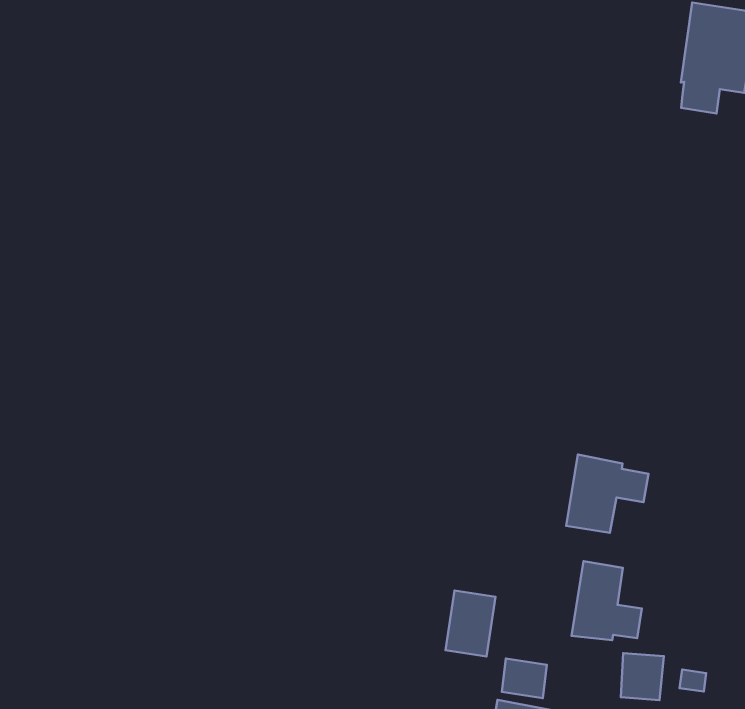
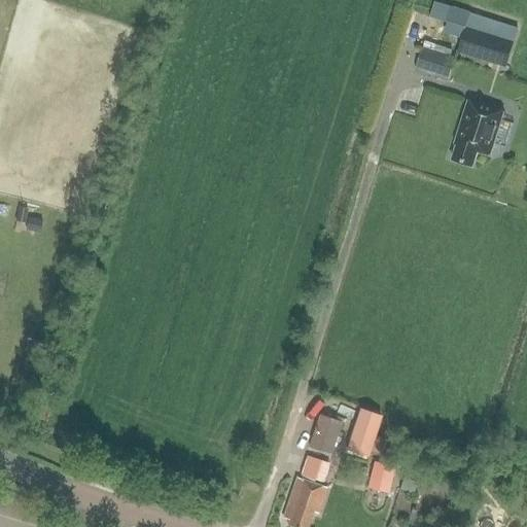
building: [566,454,649,533] -> none
building: [446,590,496,656] -> [309,414,342,454]

